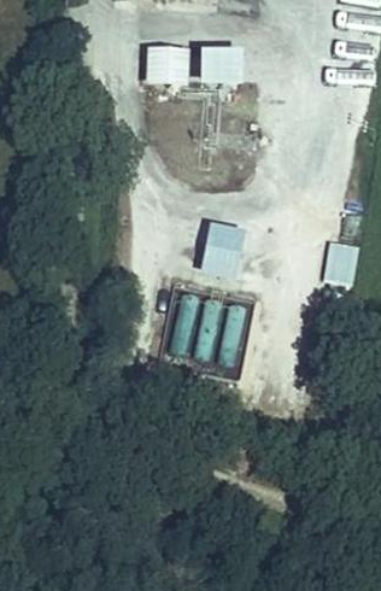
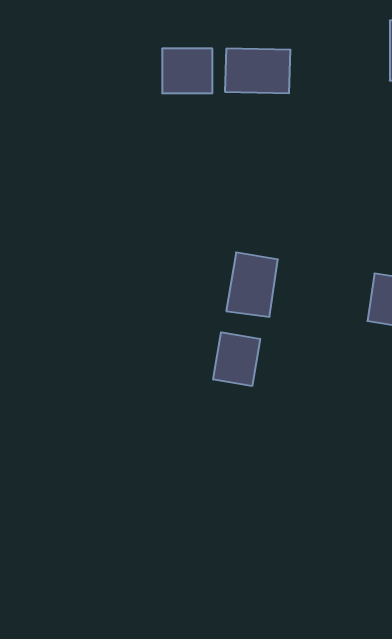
building: none -> [213,332,260,386]

